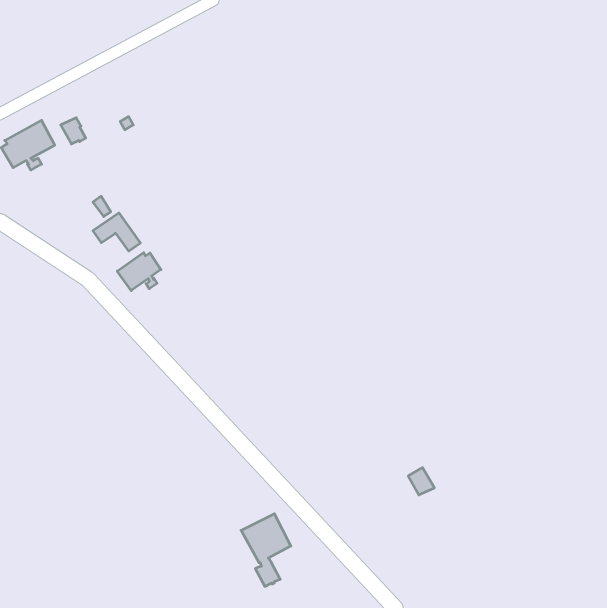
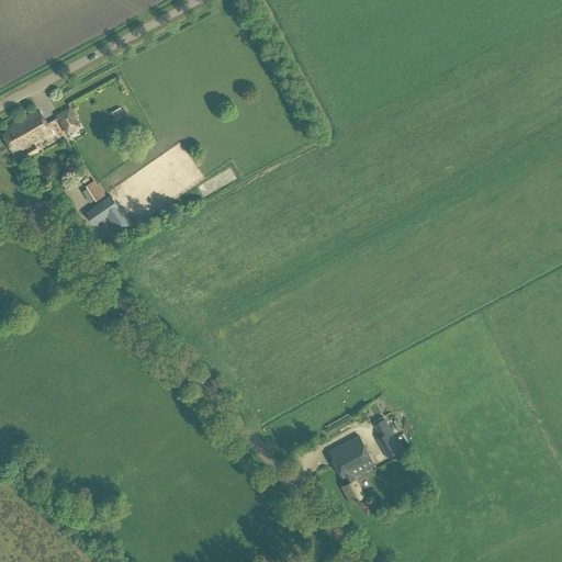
building: [117,253,161,291] -> none
building: [241,514,291,586] -> [327,436,373,503]

